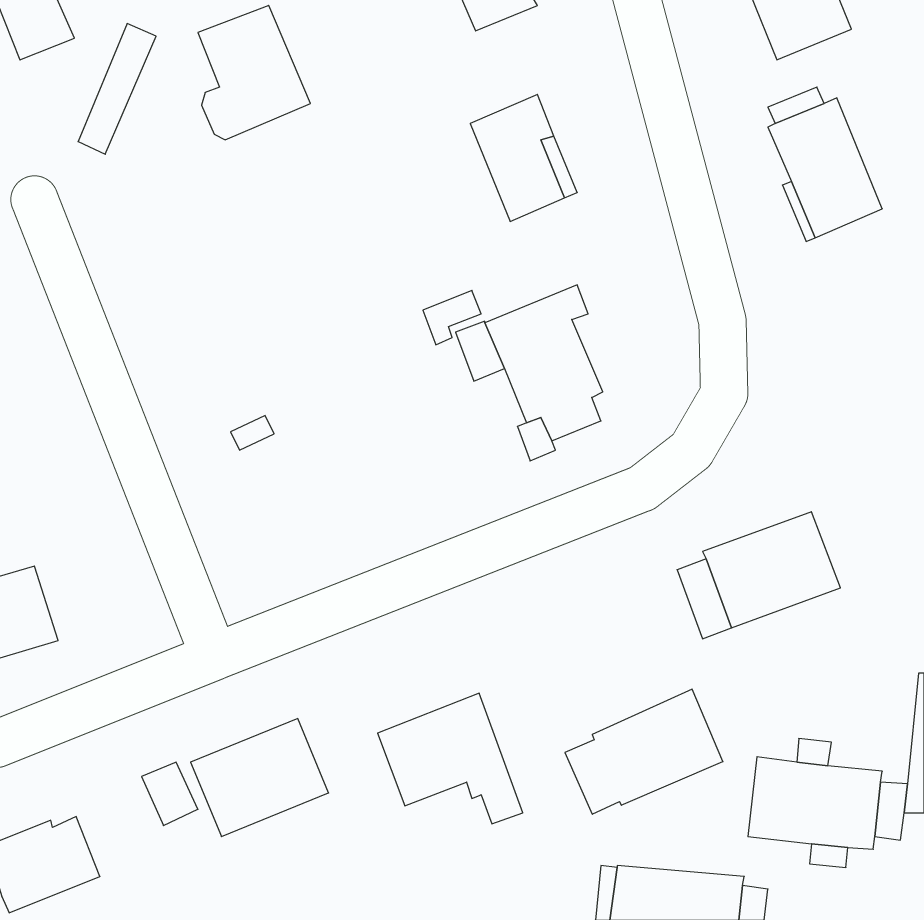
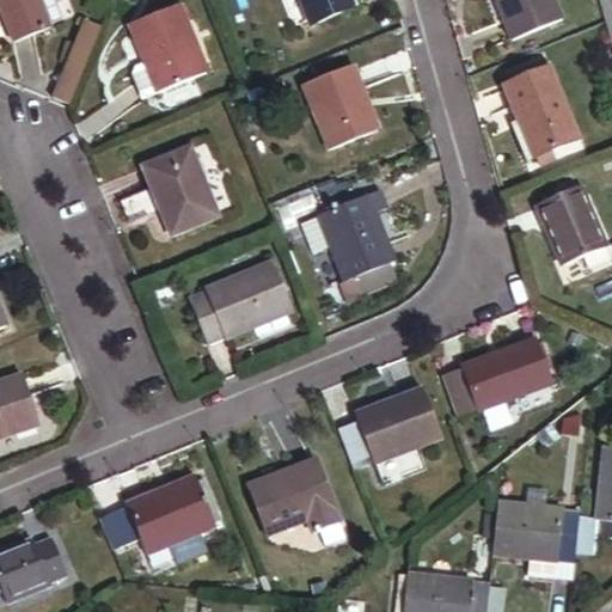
building: none -> [142,147,215,234]
building: none -> [538,191,602,270]
building: none -> [189,262,290,341]
building: [565,689,723,814] -> [338,384,442,466]

